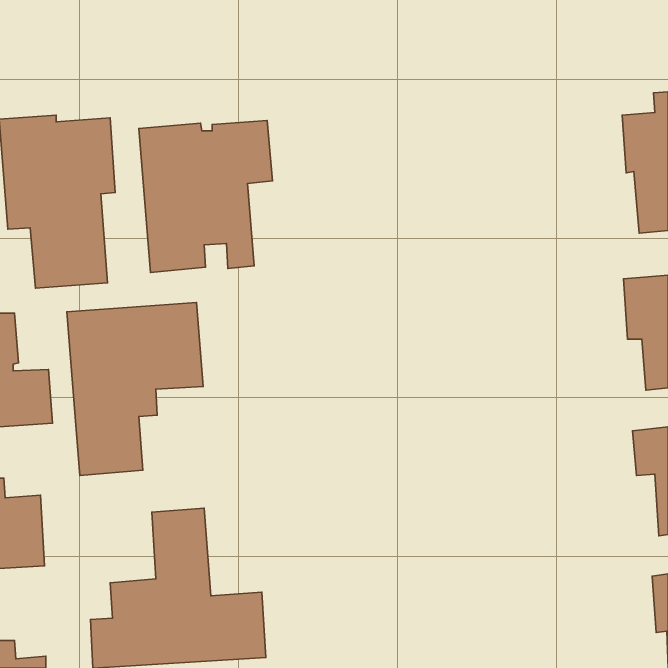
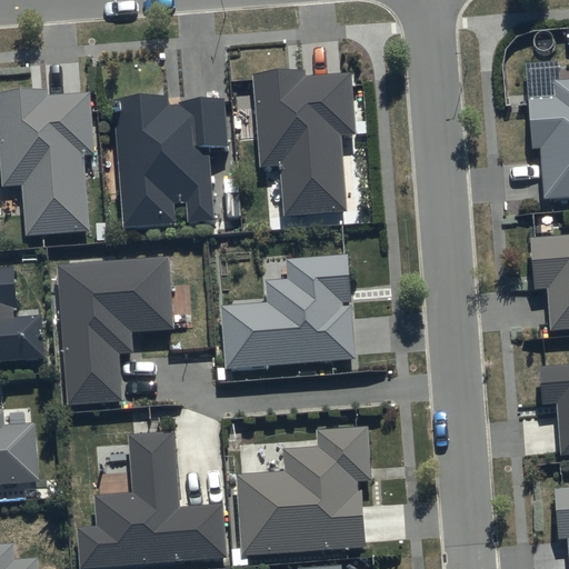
building: none -> [256,79,359,224]
building: none -> [222,251,355,367]
building: none -> [236,427,370,556]

